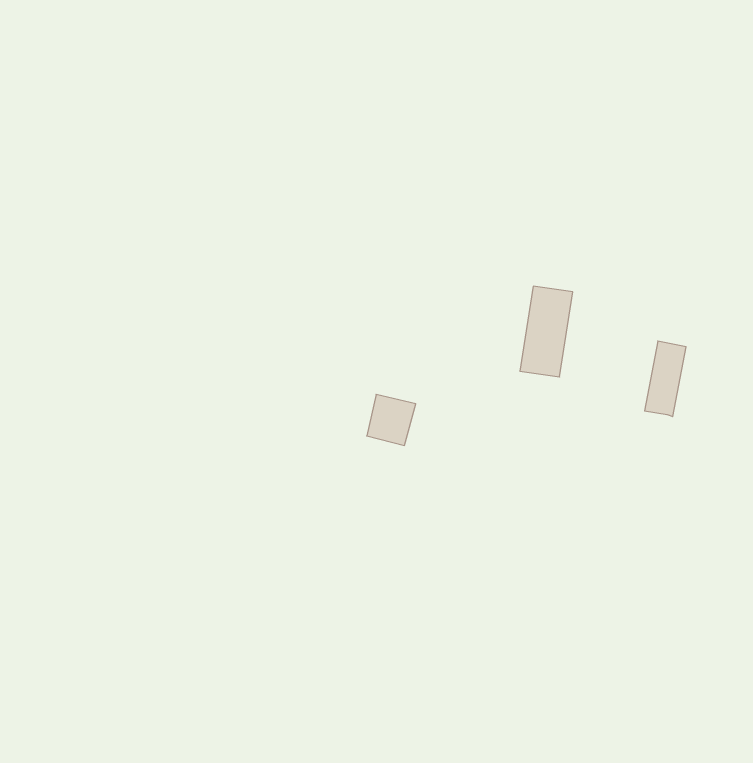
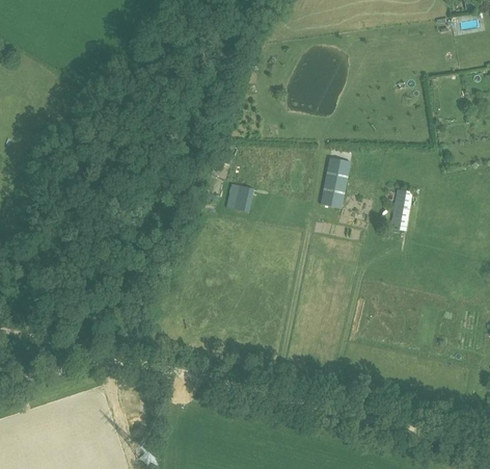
building: [367,394,416,445] -> [226,183,253,211]

